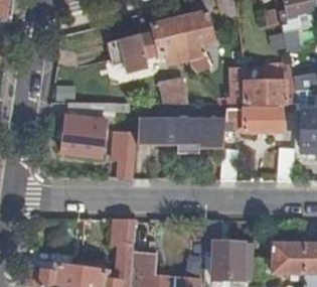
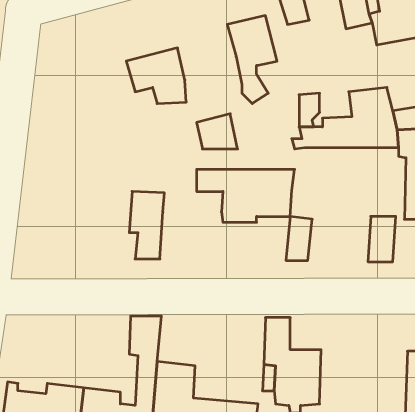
building: [146,18,190,63] -> none
building: [224,103,281,133] -> none
building: [60,104,128,159] -> none
building: [136,118,177,147] -> none
building: [253,242,304,279] -> none

